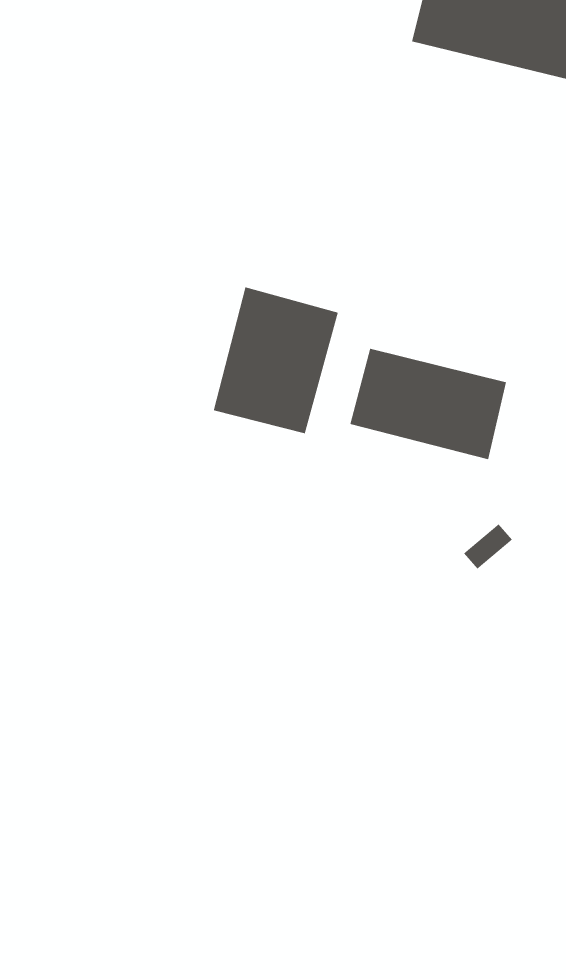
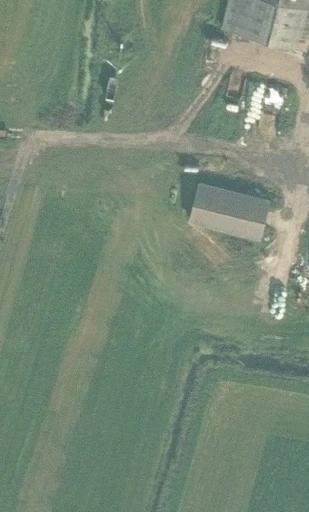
building: [213,286,338,434] -> none

